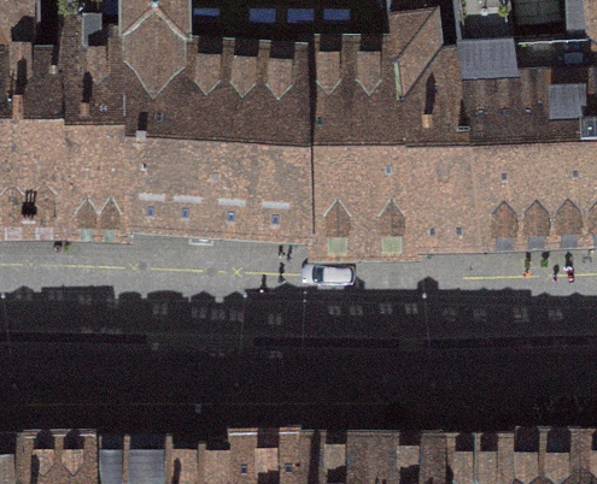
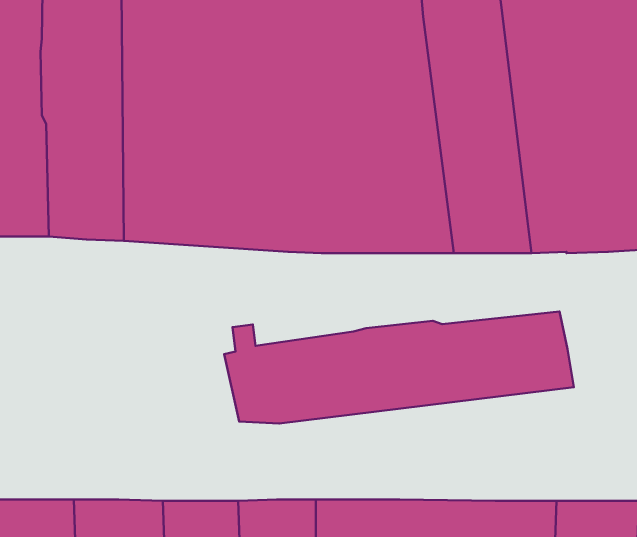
building: none -> [224,311,574,423]

